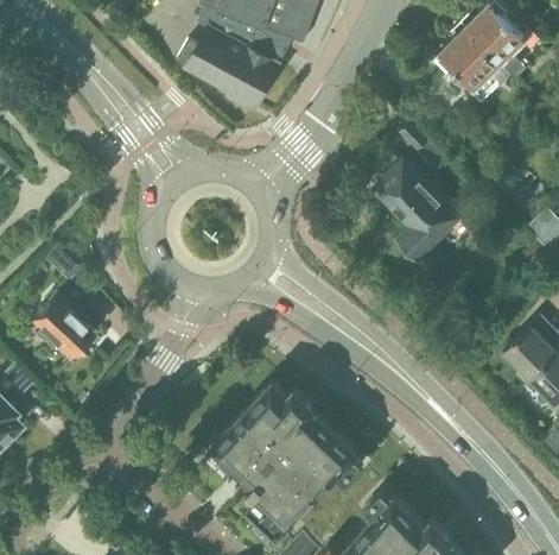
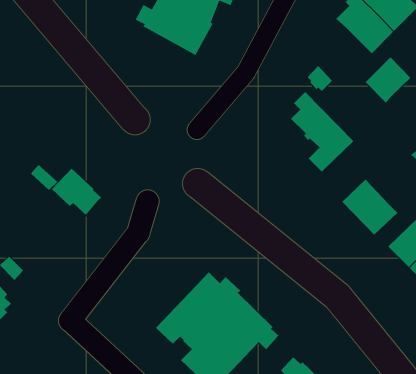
building: none -> [365,57,411,103]
building: none -> [341,179,398,235]
building: [27,296,93,358] -> [51,168,102,216]

